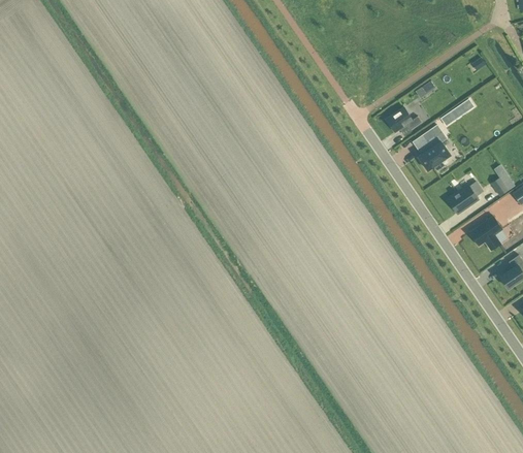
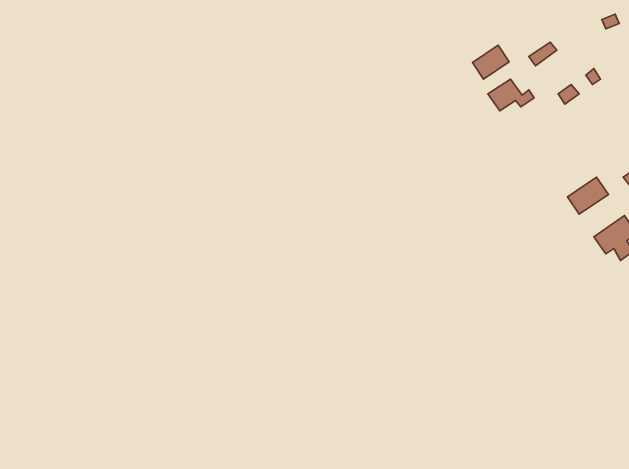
building: none -> [472,45,509,79]
building: [418,124,450,169] -> none

